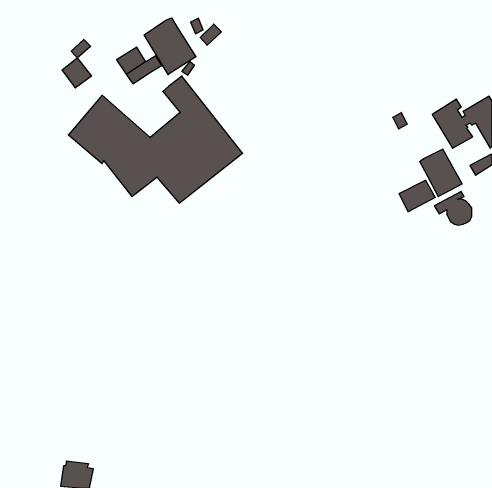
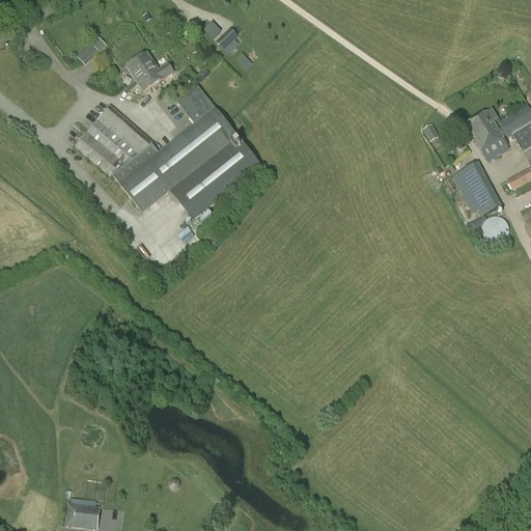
building: [144,18,196,75] -> none
building: [62,58,91,88] -> none
building: [399,180,435,212] -> none

